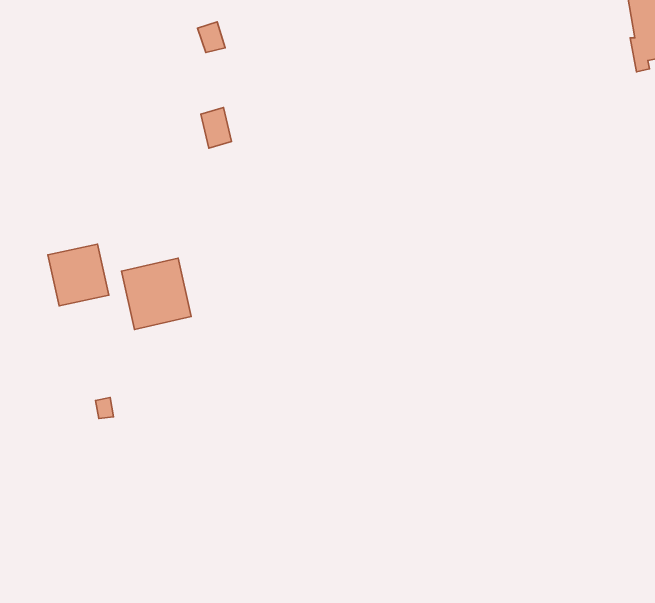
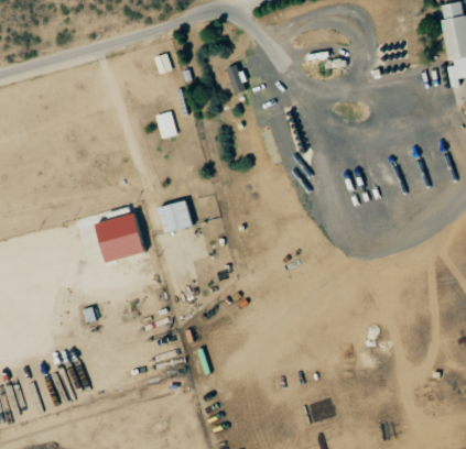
building: none -> [160,200,193,231]
building: [48,244,109,306] -> none

